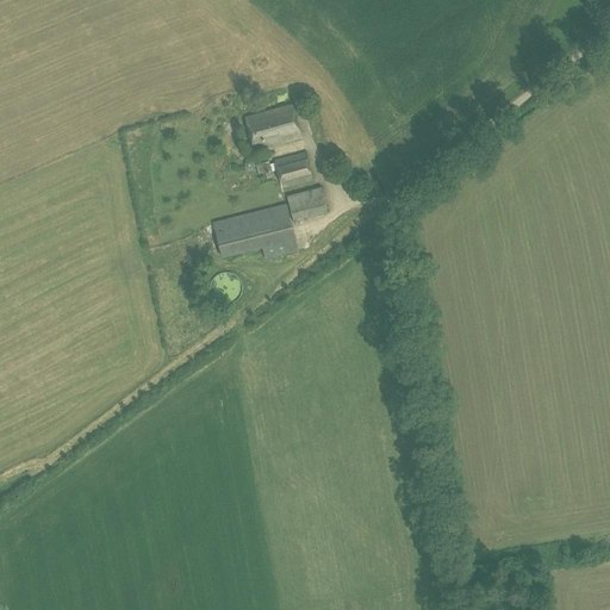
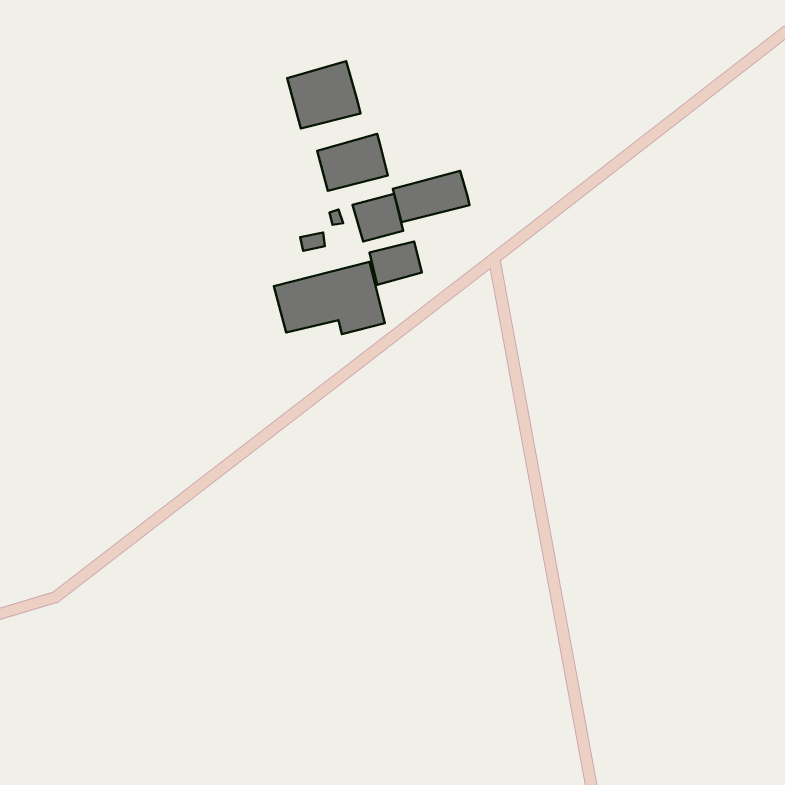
building: none -> [287,61,361,128]
building: none -> [393,171,470,222]

